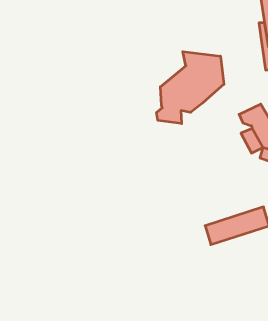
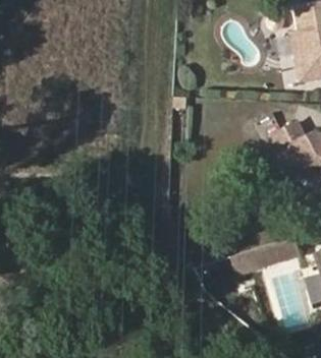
building: [157,52,224,124] -> none

